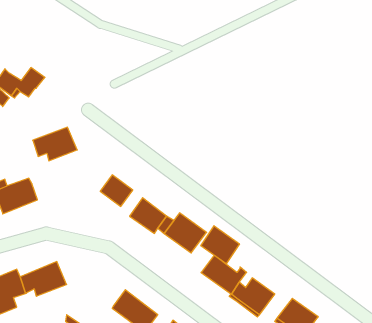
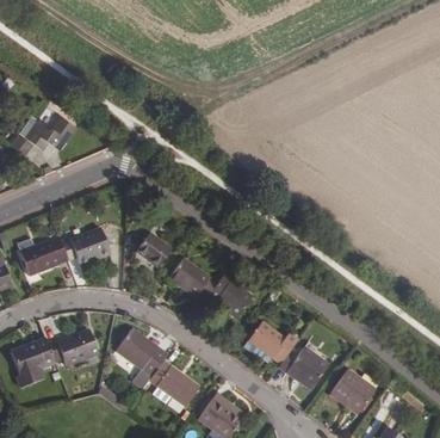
building: [33,127,77,161] -> [61,228,110,265]
building: [201,226,239,264] -> none
building: none -> [114,328,167,377]

